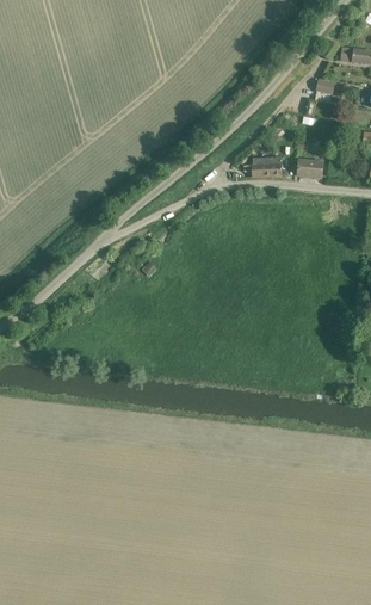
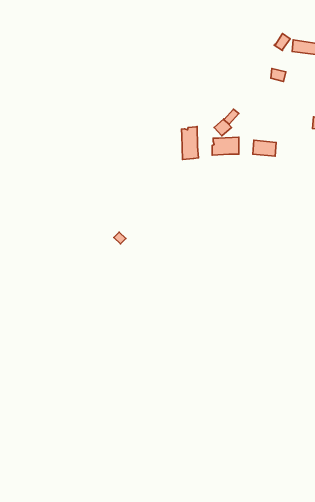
building: none -> [181,127,198,159]

